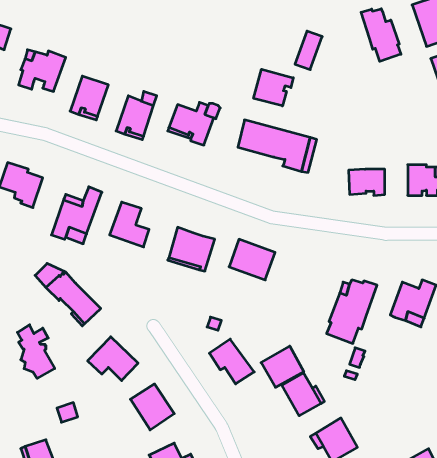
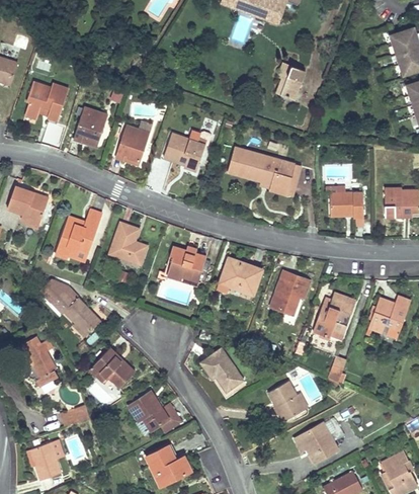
building: [361,9,401,61] -> none
building: [254,69,293,106] -> none
building: none -> [270,270,310,315]
building: [261,346,304,387] -> none

